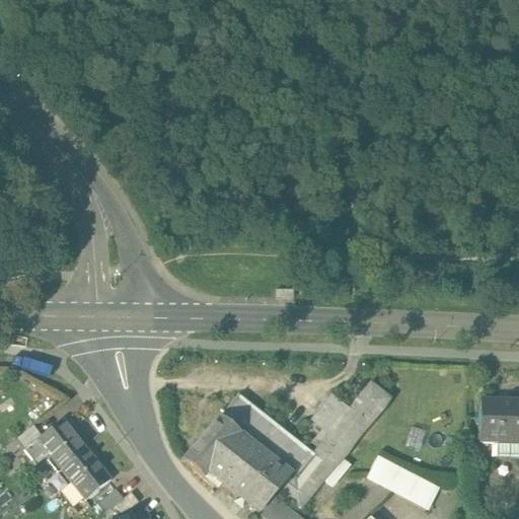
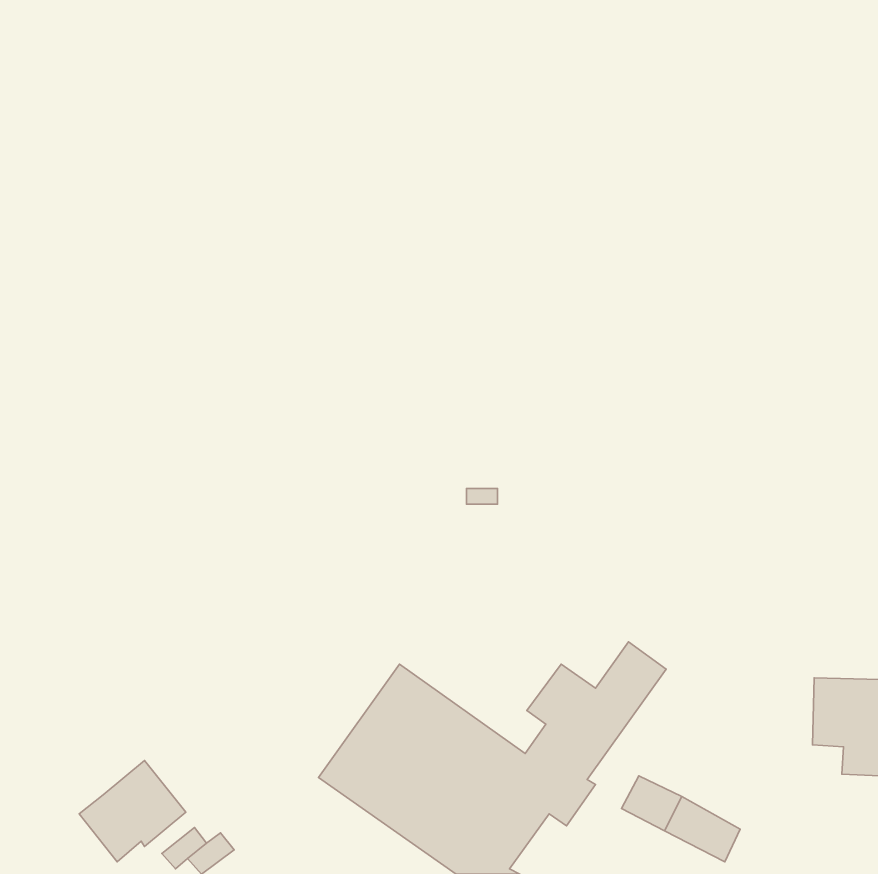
building: [24,418,86,468] -> none

